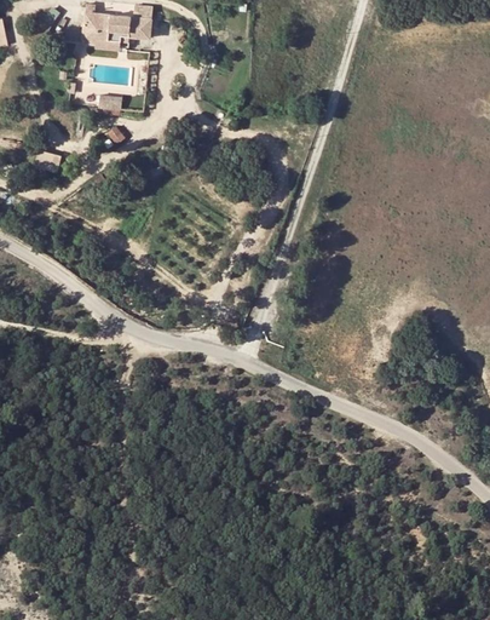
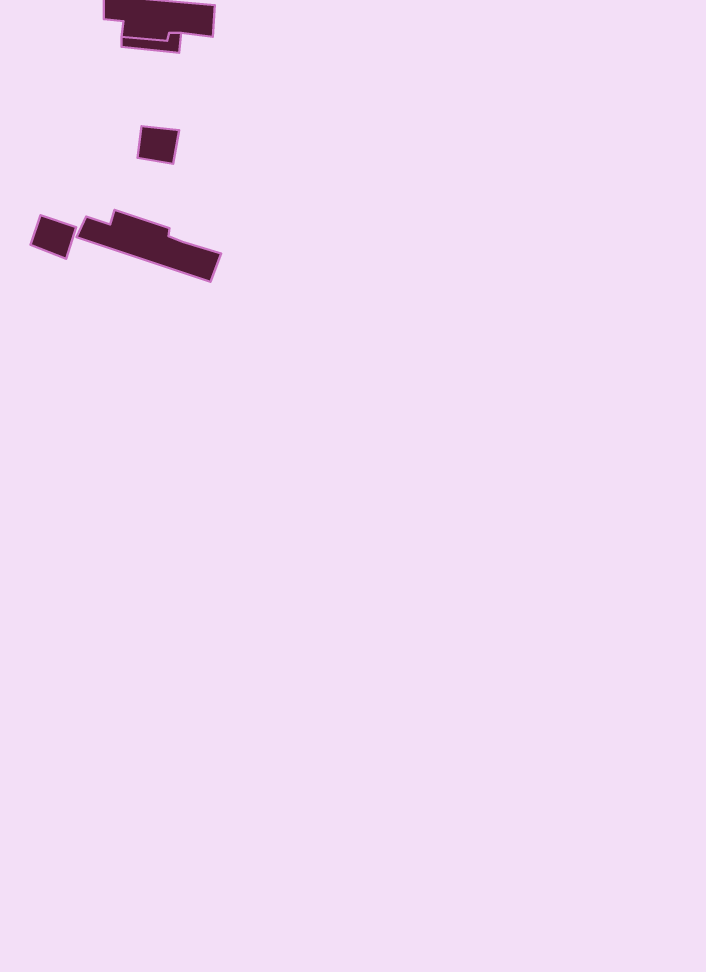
building: none -> [77,210,221,282]

